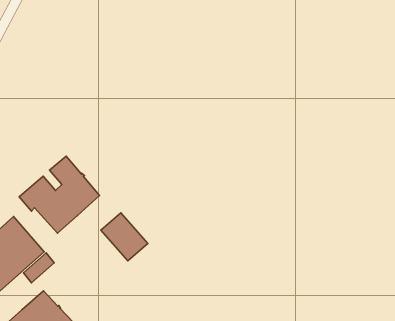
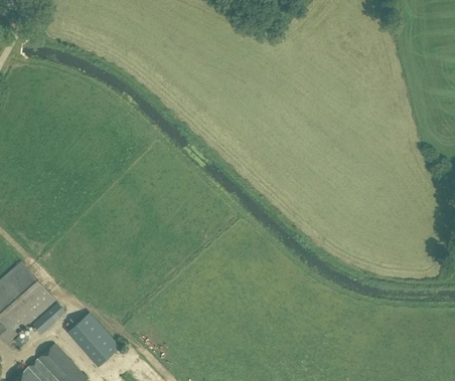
building: [19,156,100,233] -> none
building: [101,213,148,261] -> [67,313,120,366]

